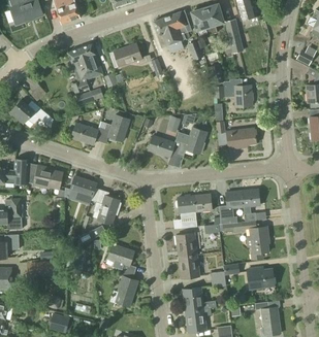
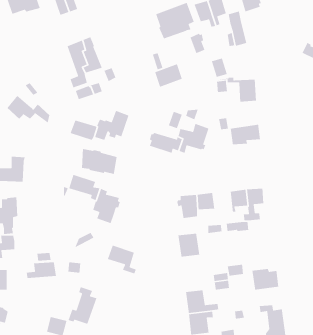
building: [114,43,141,67] -> [154,63,183,88]
building: [27,164,62,190] -> [81,148,118,175]
building: [246,226,268,261] -> none
building: [179,255,199,278] -> none
building: [109,269,138,306] -> [67,286,97,325]

